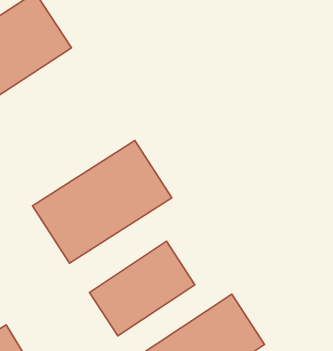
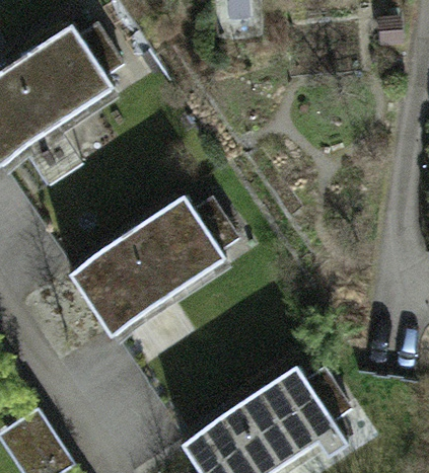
building: [89,241,195,336] -> none

